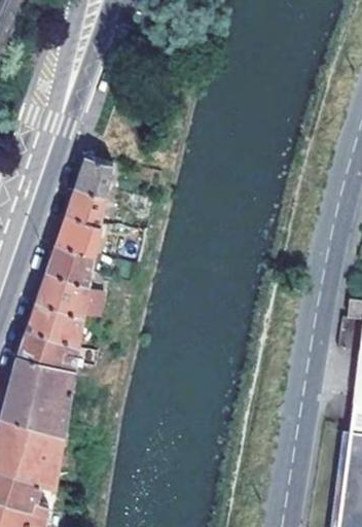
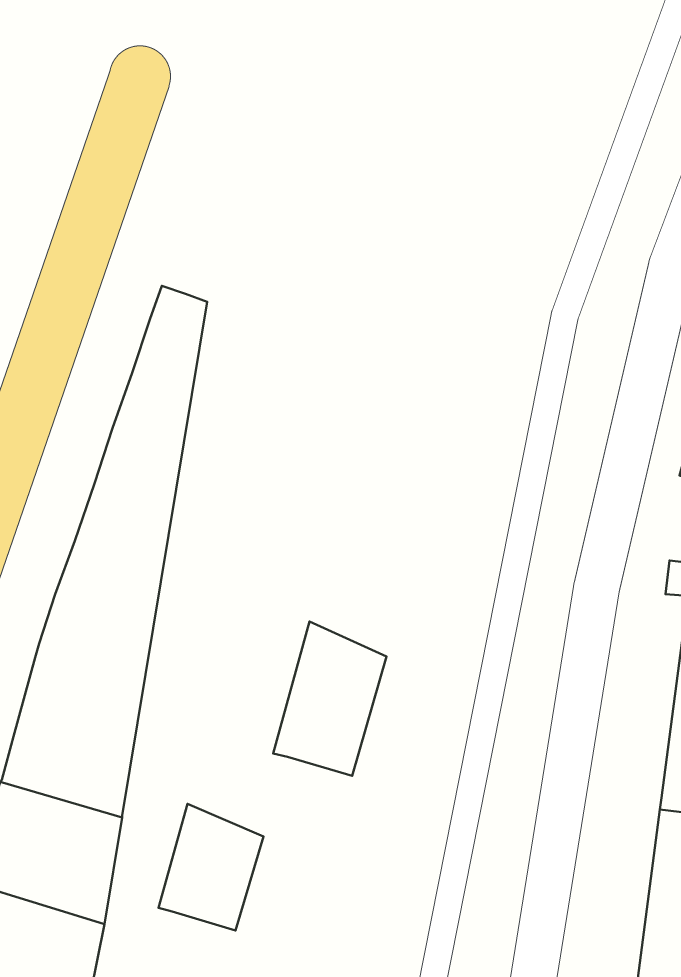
building: none -> [273,621,386,776]
building: none -> [158,804,263,931]

